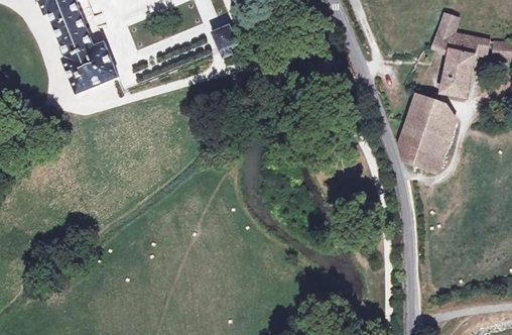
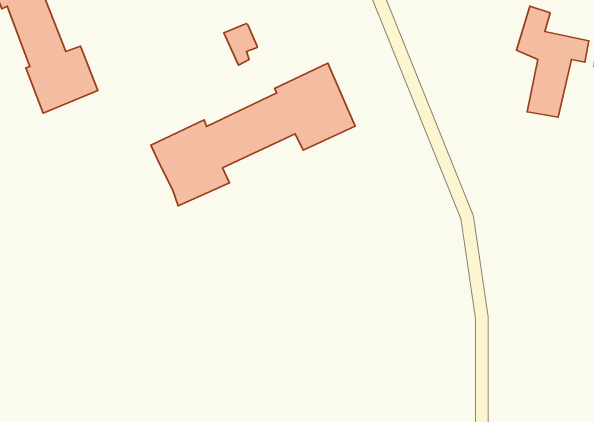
building: none -> [151,63,355,206]
building: [399,95,453,171] -> none

